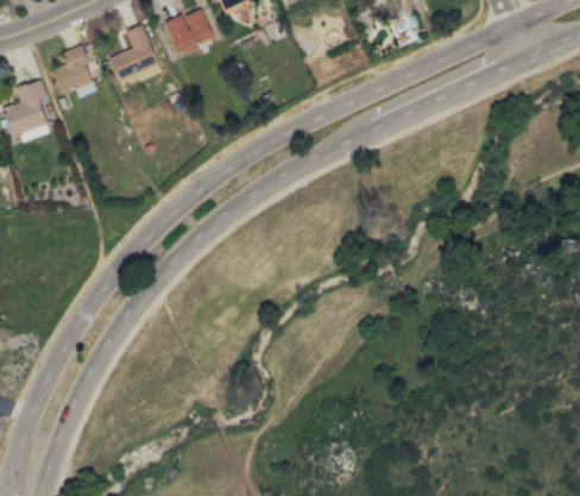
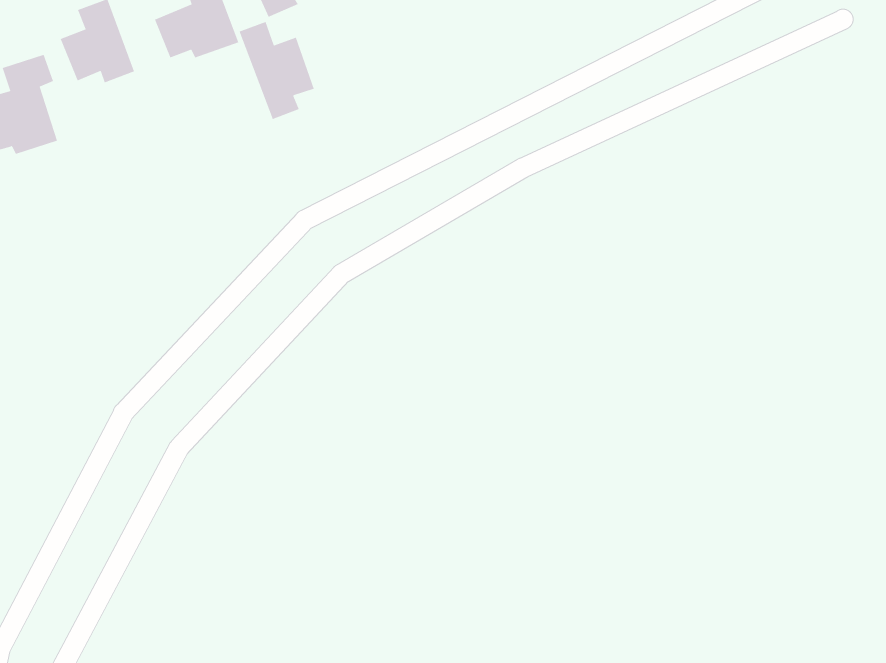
building: none -> [239,21,315,120]

